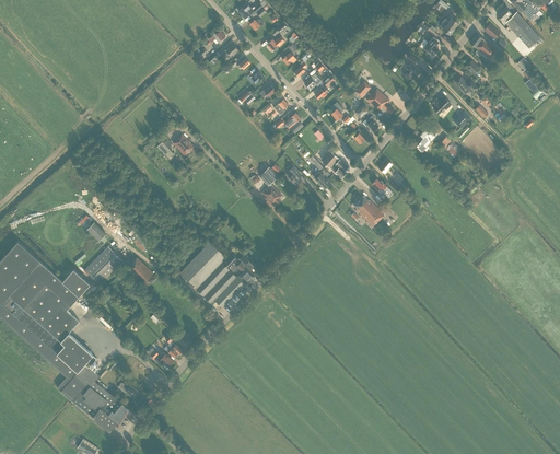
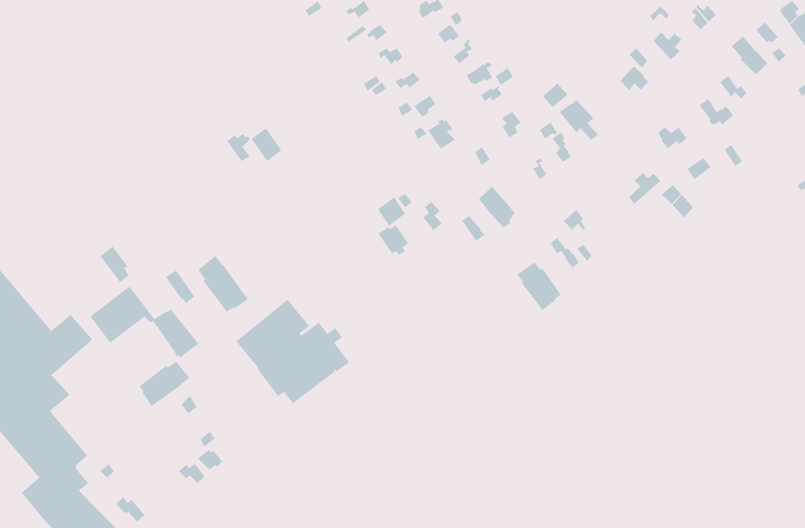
building: none -> [198,255,249,312]
building: none -> [139,361,190,407]

